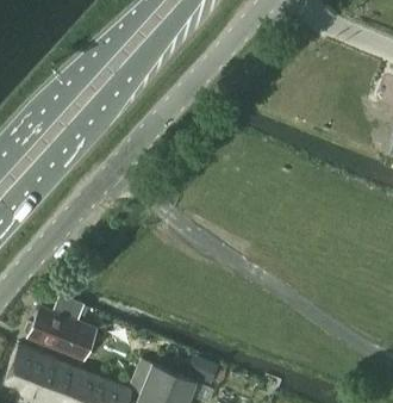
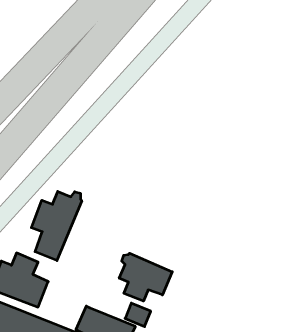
building: none -> [31,191,82,261]
building: none -> [119,253,172,301]

